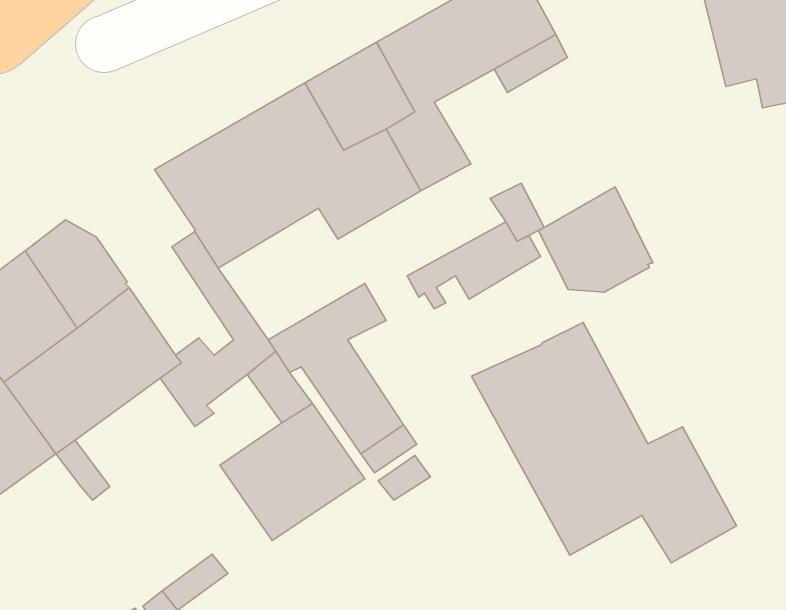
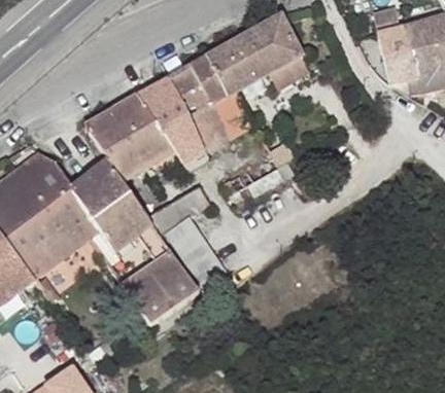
building: [538,187,653,292] -> none
building: none -> [70,168,128,225]
building: [471,323,736,563] -> none

